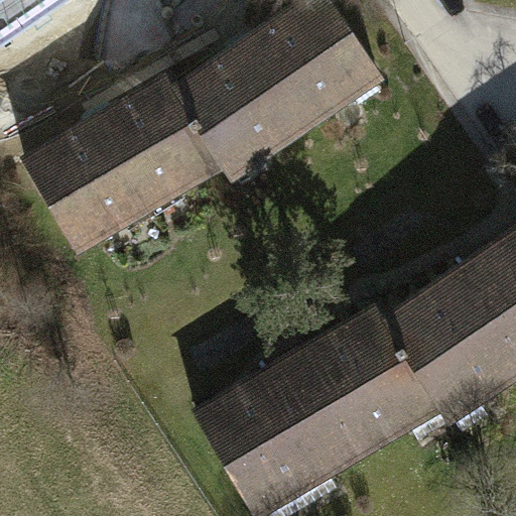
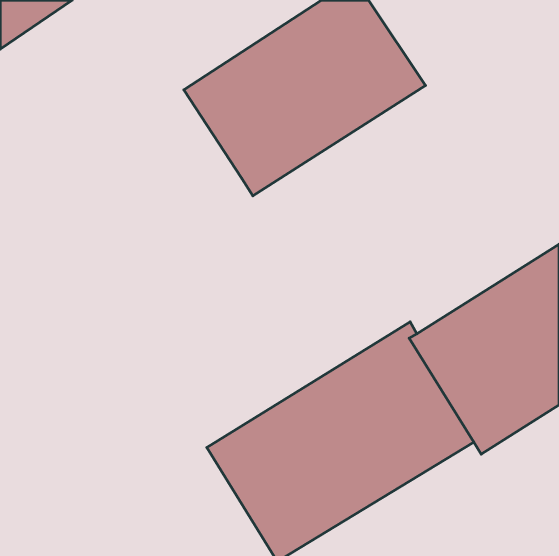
building: [25,75,223,251] -> none

